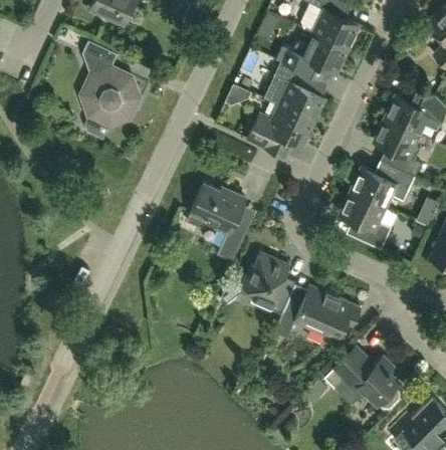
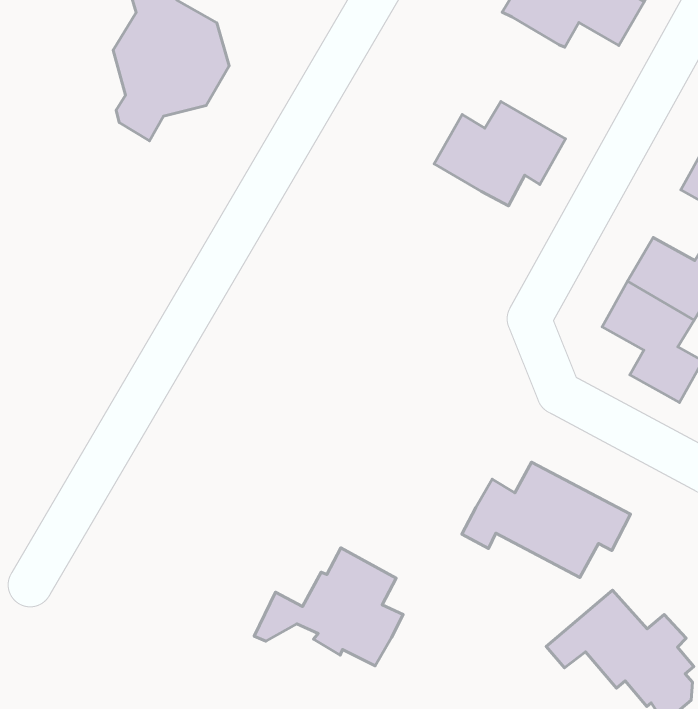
building: [274,61,325,121] -> none
building: [188,184,251,261] -> none
building: [221,252,295,310] -> [254,548,403,666]

